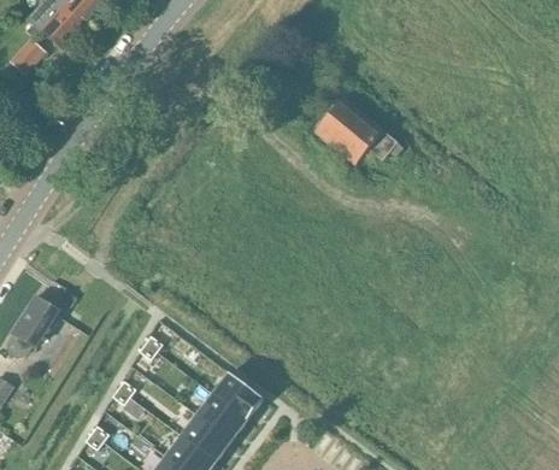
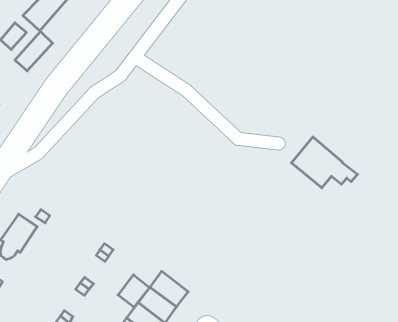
building: none -> [15,32,53,71]
building: [314,96,404,165] -> [291,137,358,188]
building: none -> [118,275,150,307]

